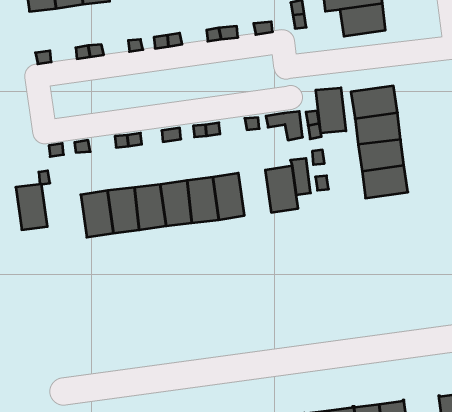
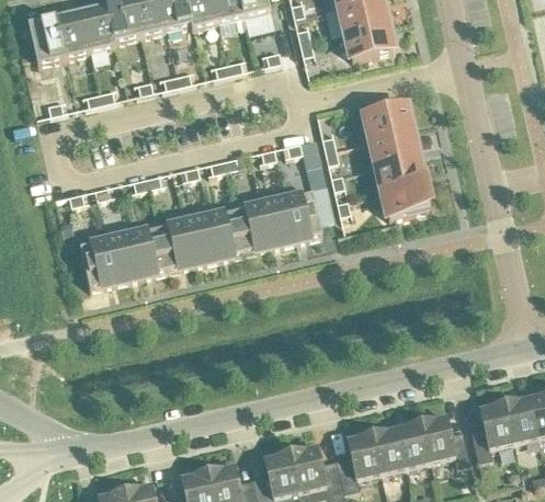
building: [316,88,346,133] -> none
building: none -> [260,198,296,246]
building: [16,184,47,230] -> [80,240,115,287]

